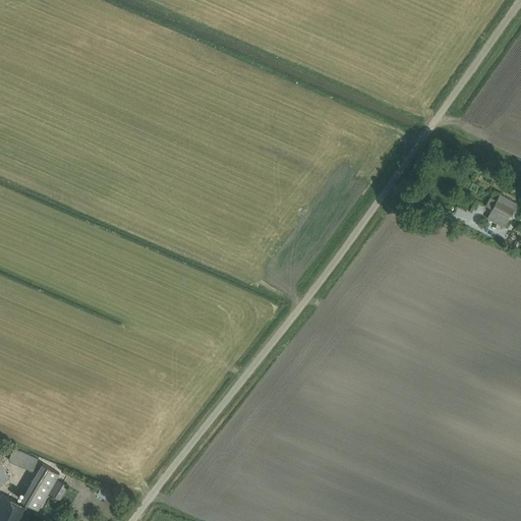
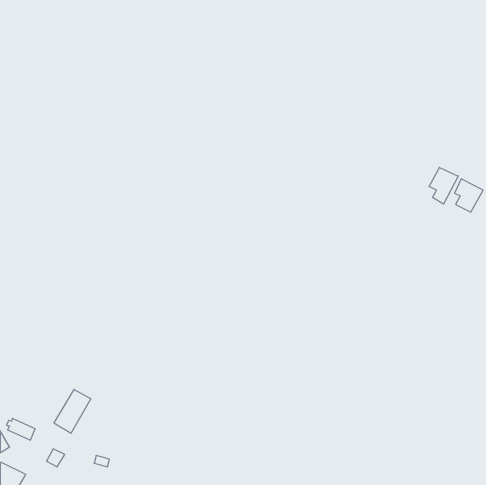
building: none -> [429,167,458,204]
building: [19,464,59,511] -> [54,389,91,433]

